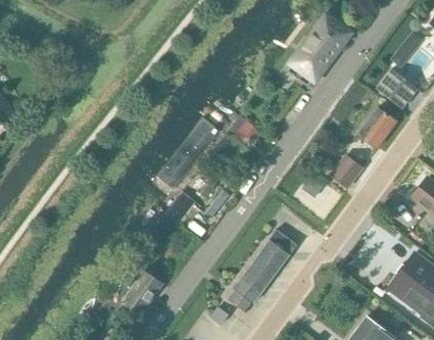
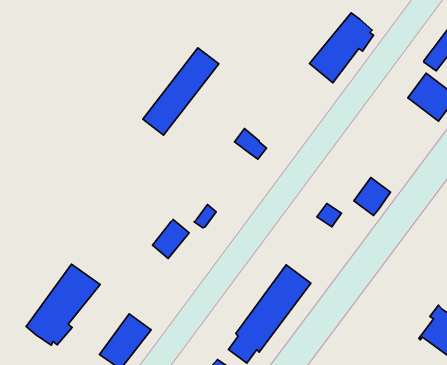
building: [357,106,397,148] -> none
building: [156,116,220,189] -> [143,48,219,135]
building: none -> [26,264,100,345]

